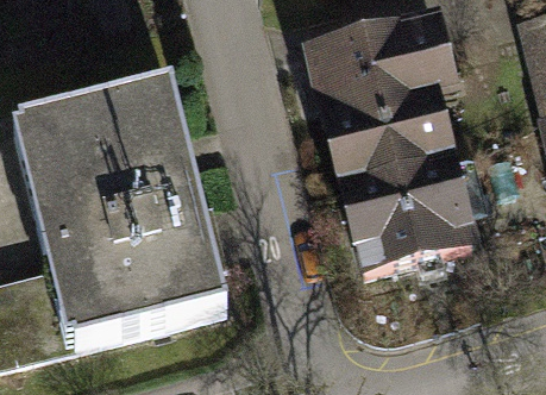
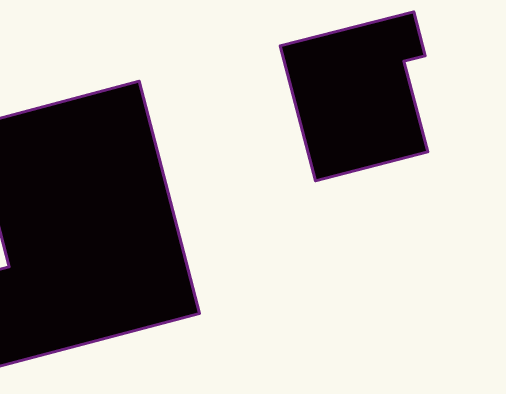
building: [341,151,471,269] -> none

